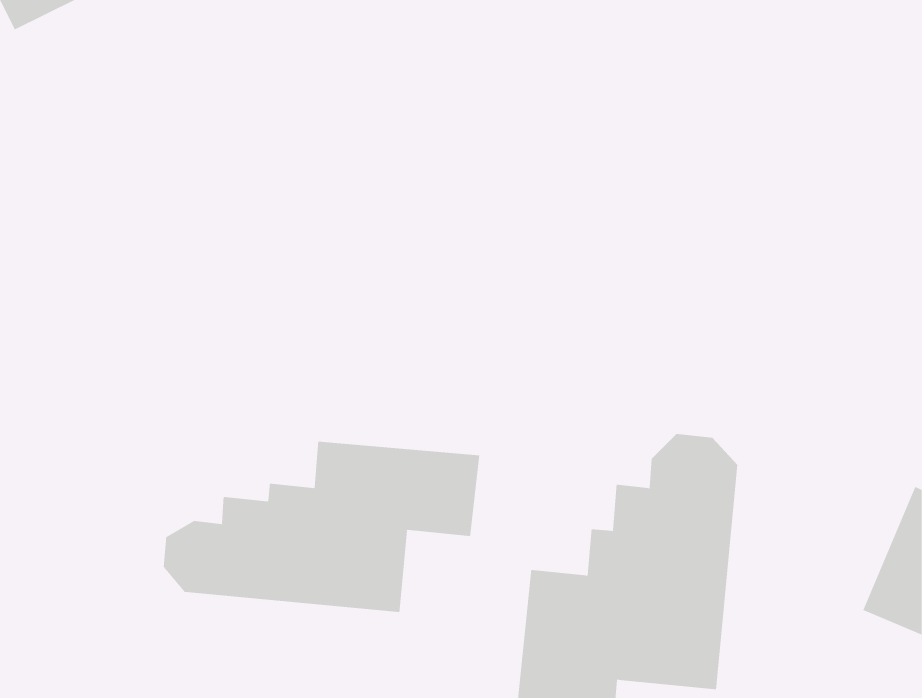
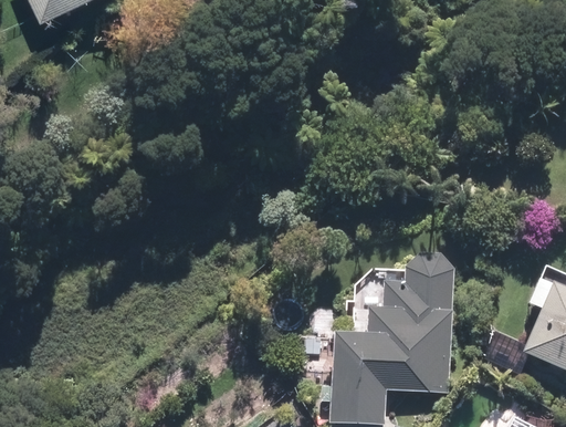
building: [163,441,480,613] -> none

